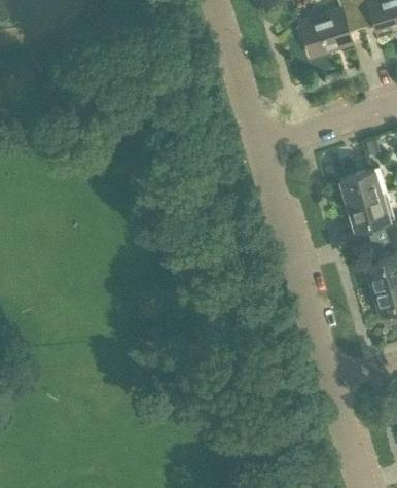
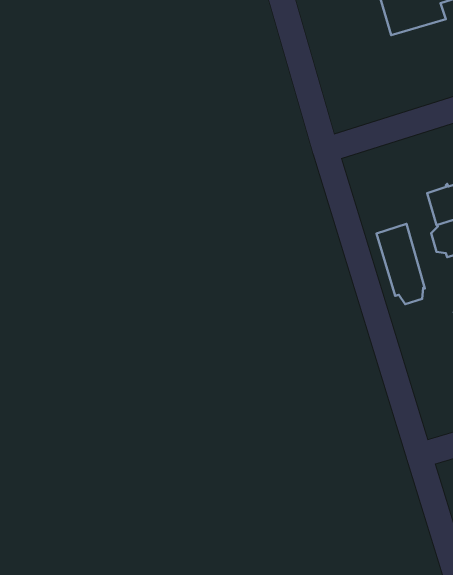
building: none -> [377,224,425,304]

